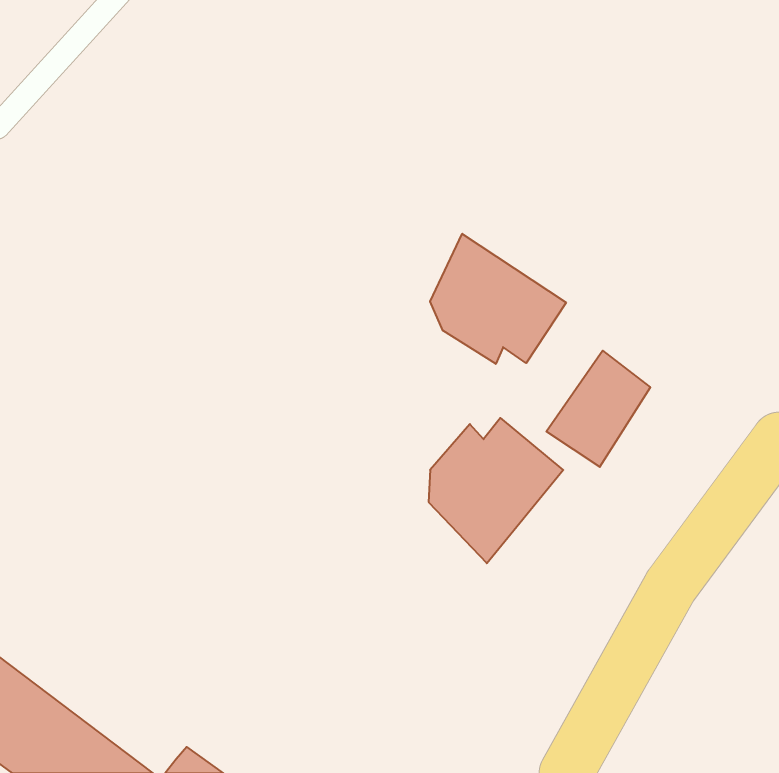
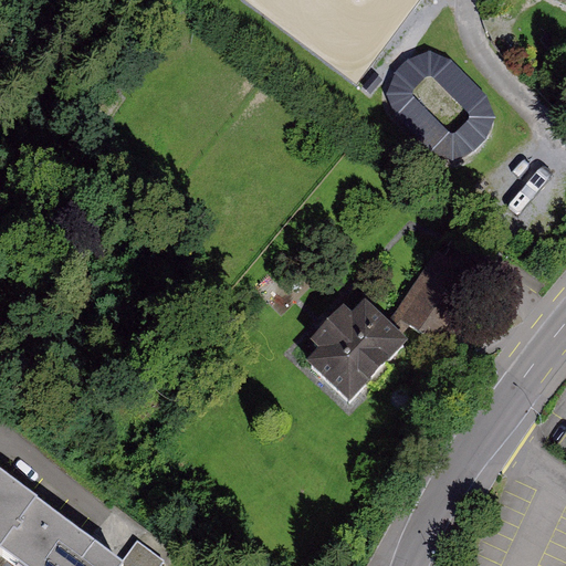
building: none -> [376,36,510,168]
building: [430,234,566,364] -> none

